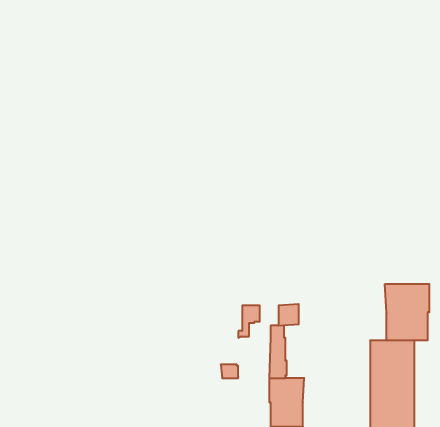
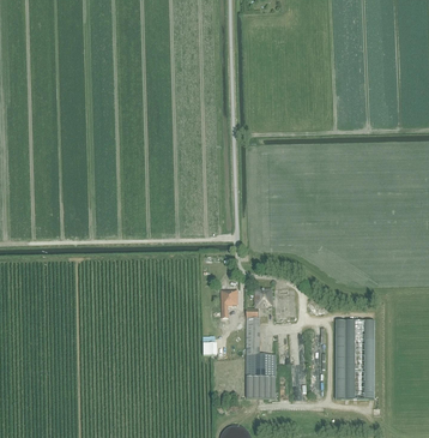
building: [385,284,429,340] -> none

